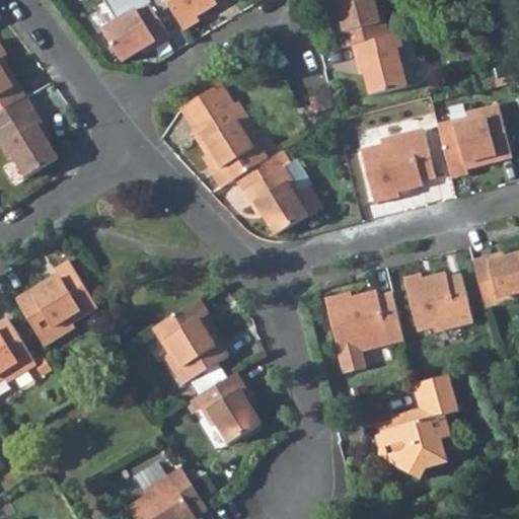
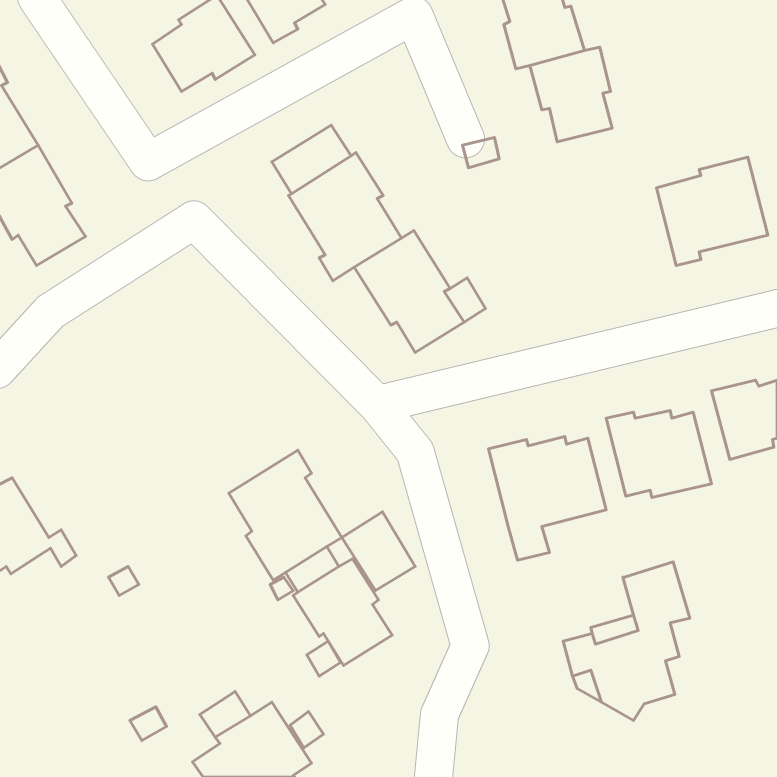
building: [359,128,433,201] -> none
building: [15,261,97,346] -> none
building: none -> [342,512,415,590]

